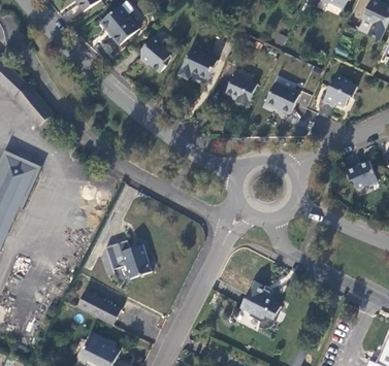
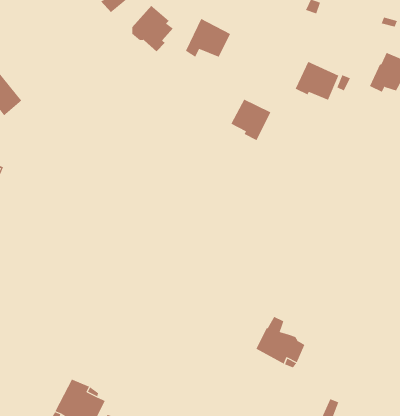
building: [229,72,261,105] -> [231,99,271,141]
building: [103,240,153,278] -> none
building: [75,289,119,324] -> none

